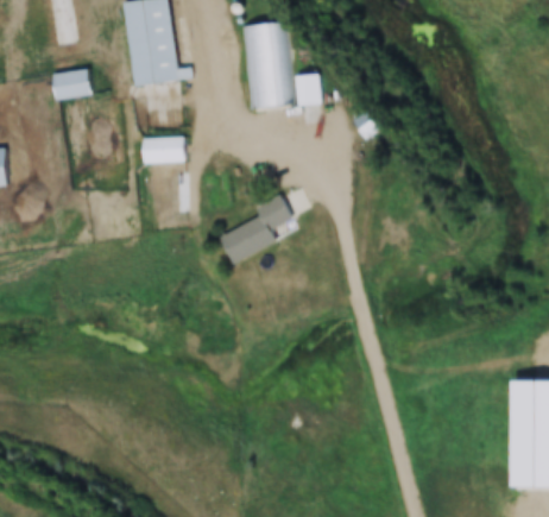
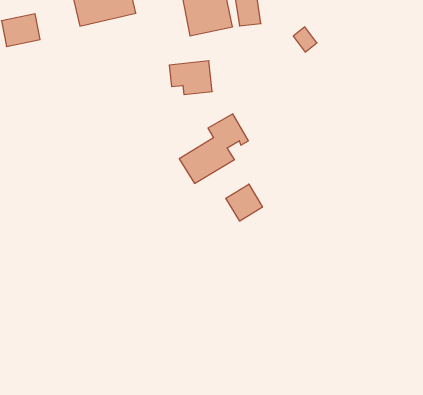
building: [144,138,185,170] -> [169,61,212,95]
building: none -> [226,184,262,221]

